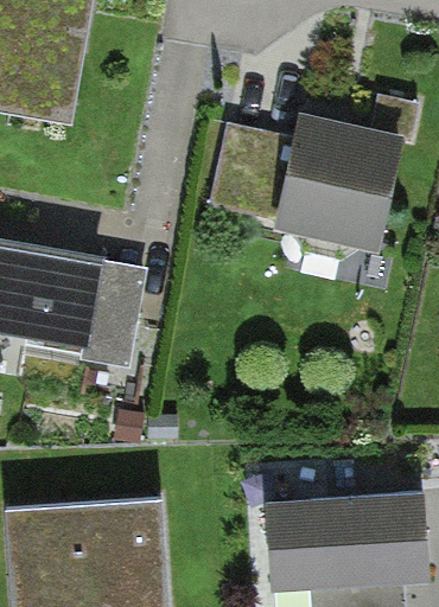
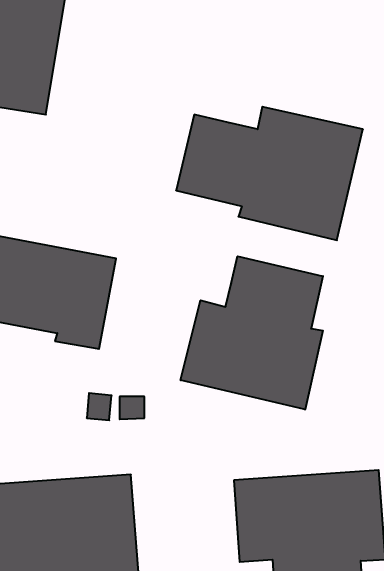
building: none -> [181,256,323,410]

